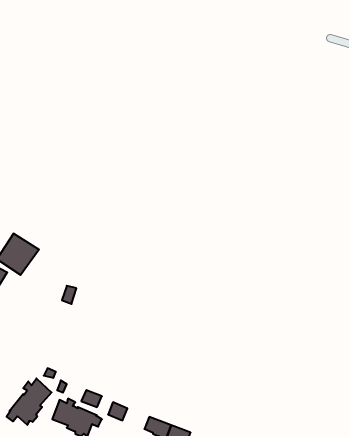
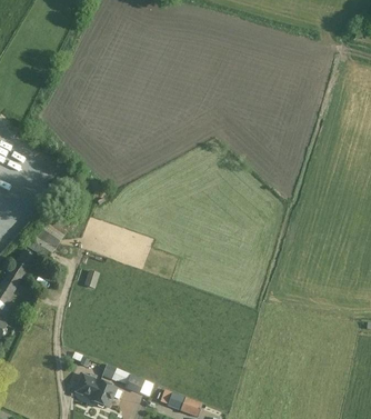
building: [7,378,52,425] -> none

